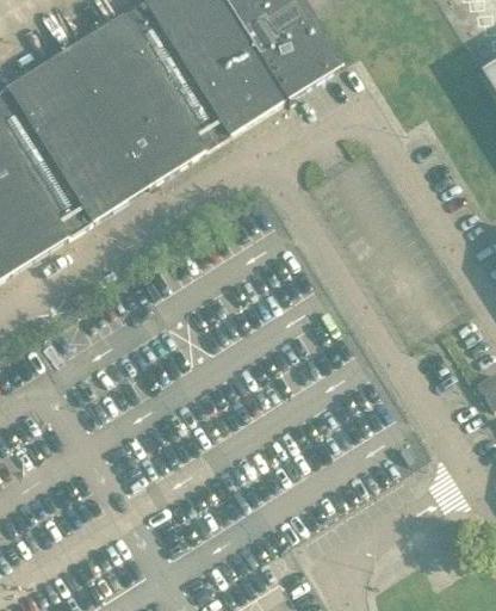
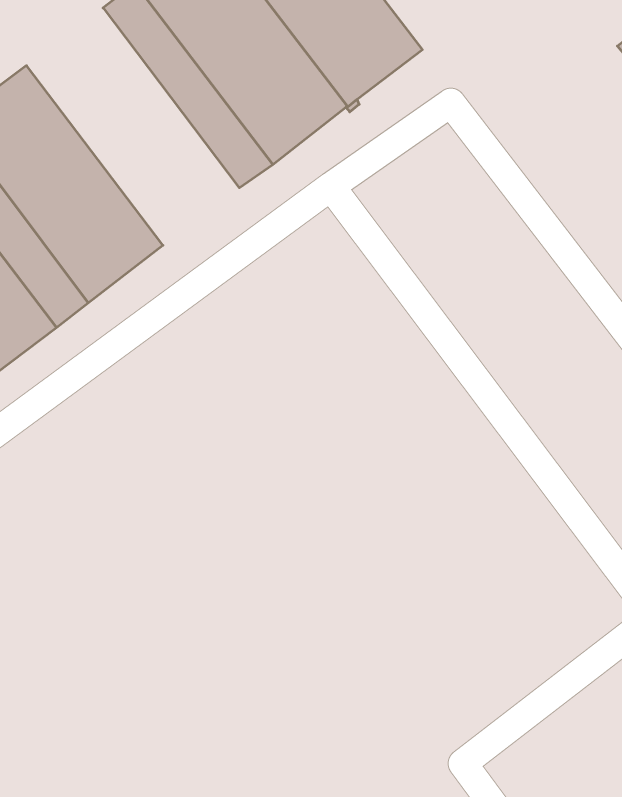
building: [64,12,206,183] -> none

